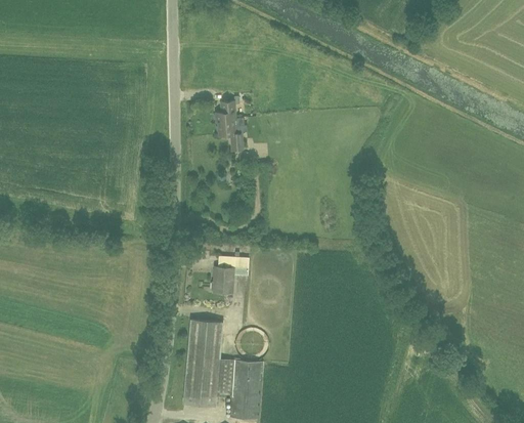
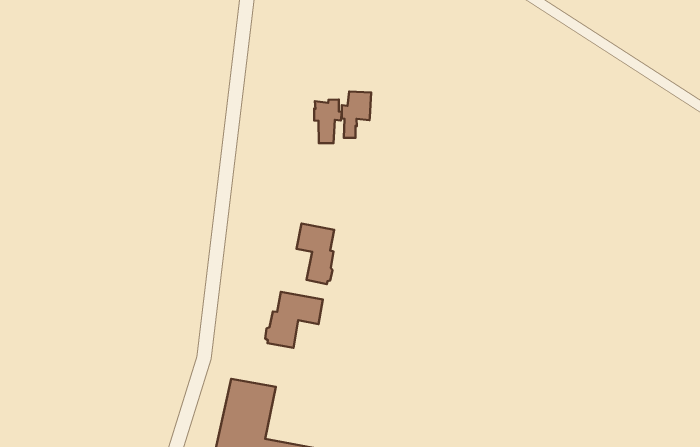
building: [216,101,236,135] -> [342,91,371,138]
building: none -> [296,224,334,284]

